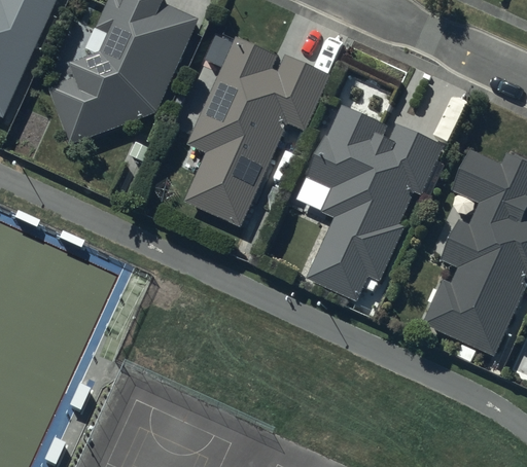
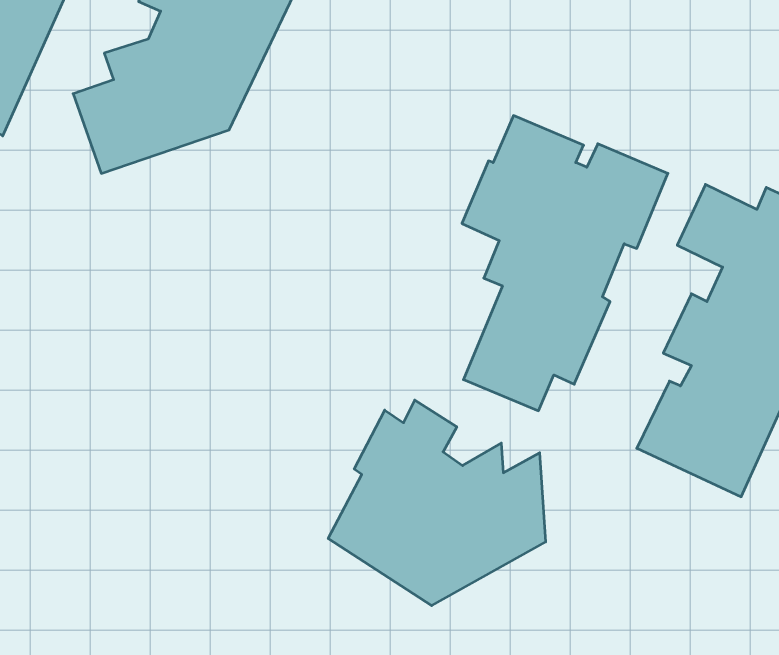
building: [182,38,328,226] -> none
building: none -> [328,400,546,606]

